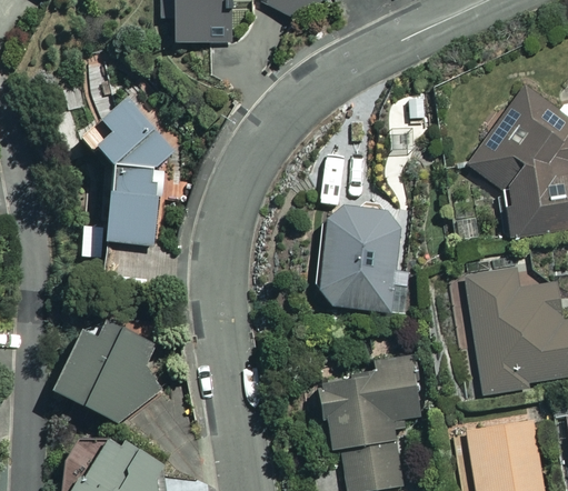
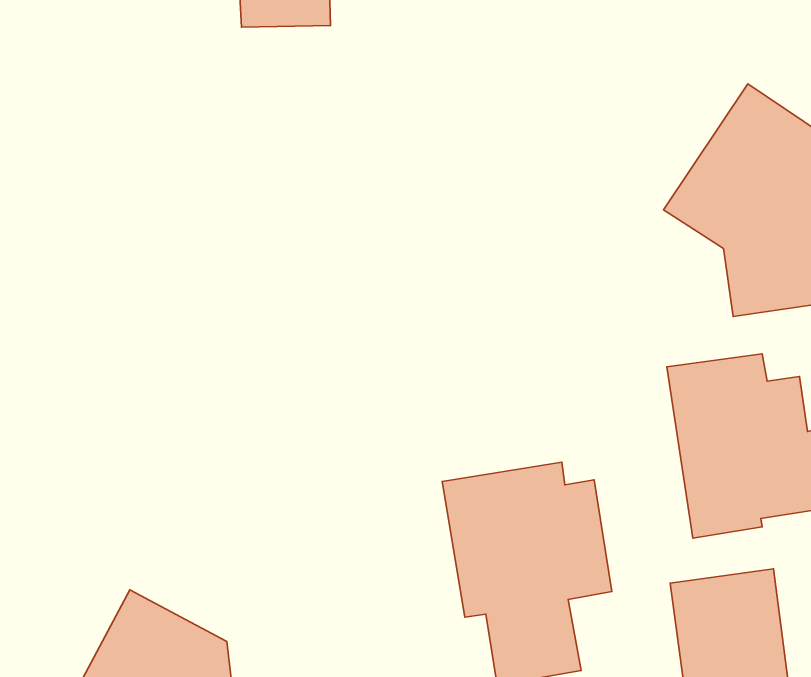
building: [73,90,177,250] -> none
building: [316,208,402,312] -> none
building: [51,315,176,424] -> none

